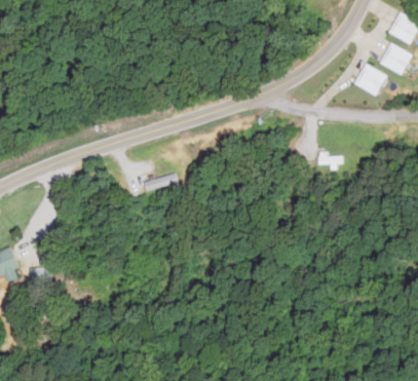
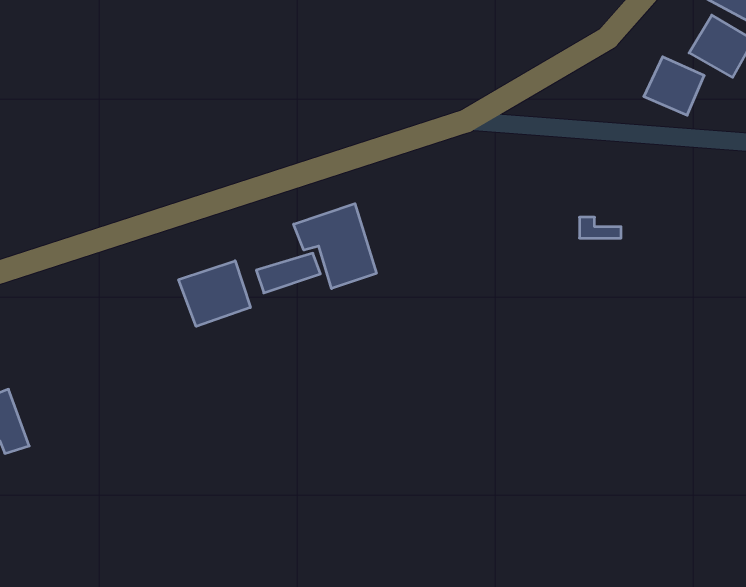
building: none -> [294,204,376,289]
building: none -> [179,261,250,326]

